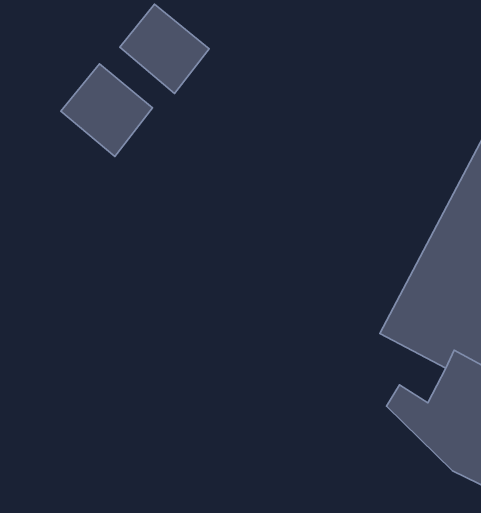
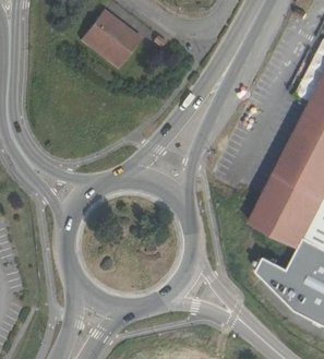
building: [61,64,153,157] -> none

